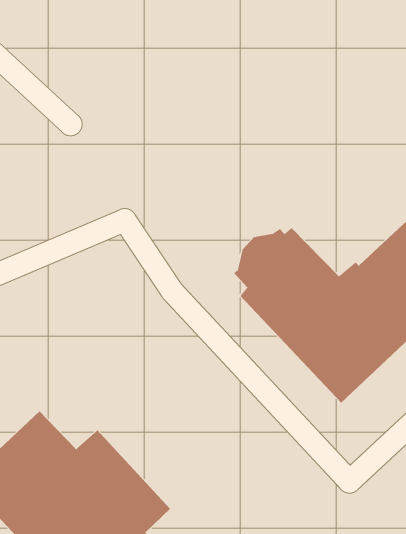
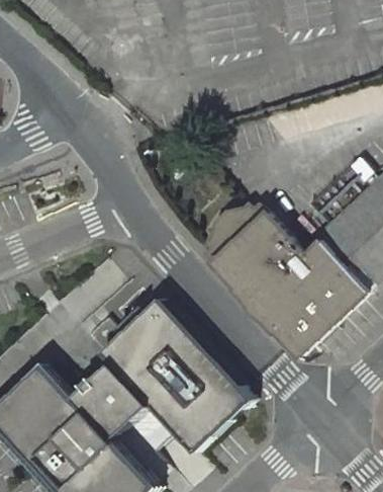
building: none -> [95,300,251,452]

